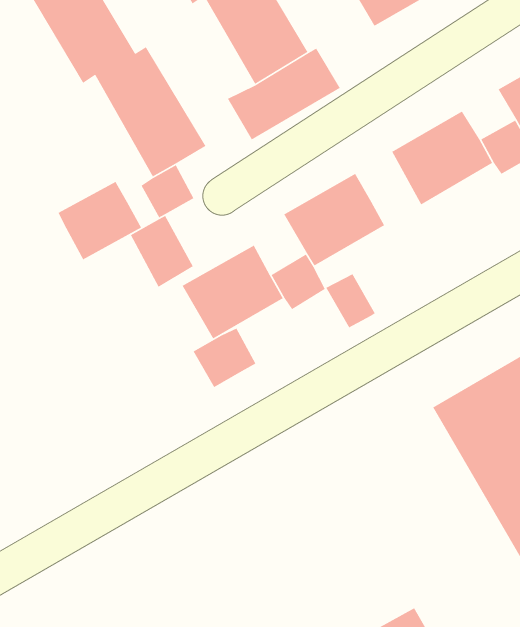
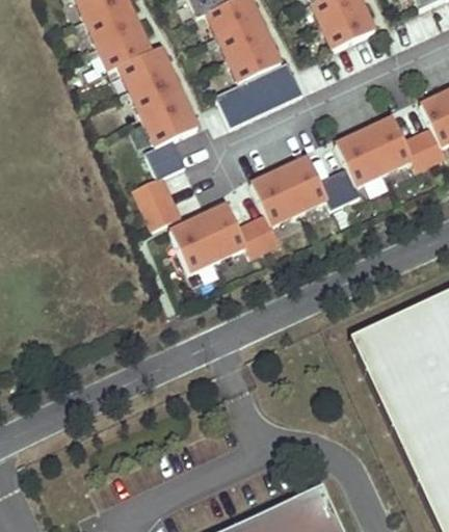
building: [57,181,142,261] -> none
building: none -> [319,166,360,207]
building: [325,273,376,329] -> none
building: [193,328,257,388] -> none

